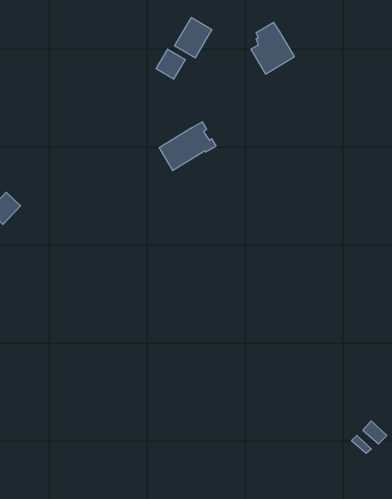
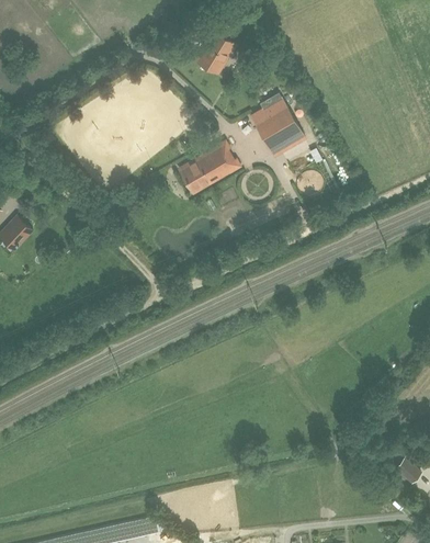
building: [251,22,294,74] -> [253,93,299,148]
building: [156,49,185,79] -> none

